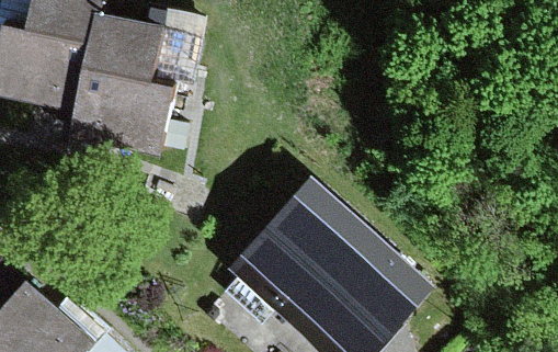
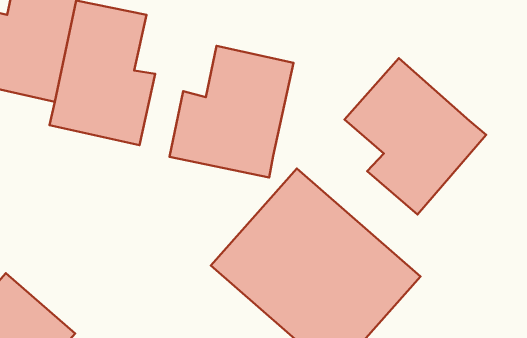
building: none -> [169,46,294,178]
building: none -> [345,58,486,215]

